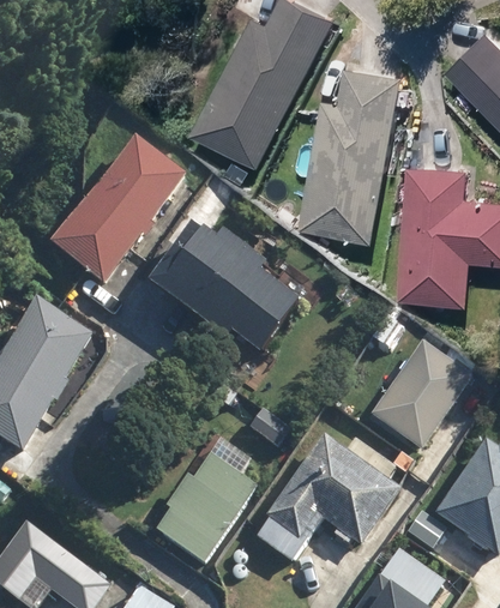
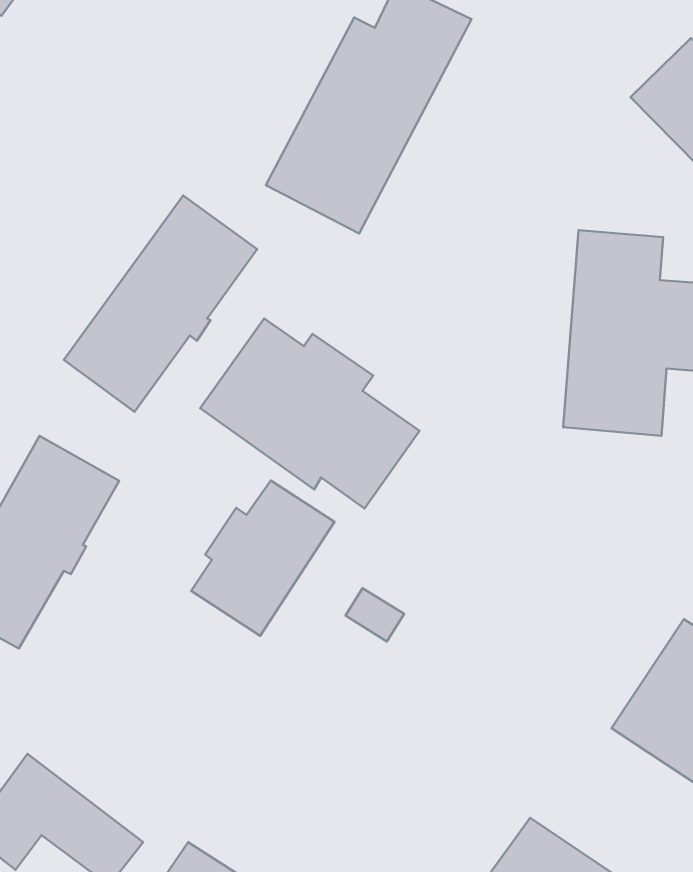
building: [301,62,402,236] -> none
building: [371,342,471,449] -> none
building: [255,435,402,562] -> none
building: [155,455,254,562] -> [191,480,335,636]

